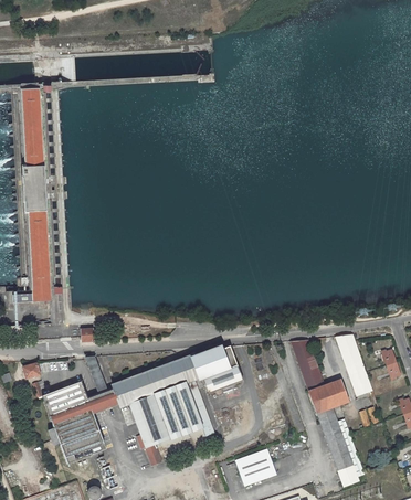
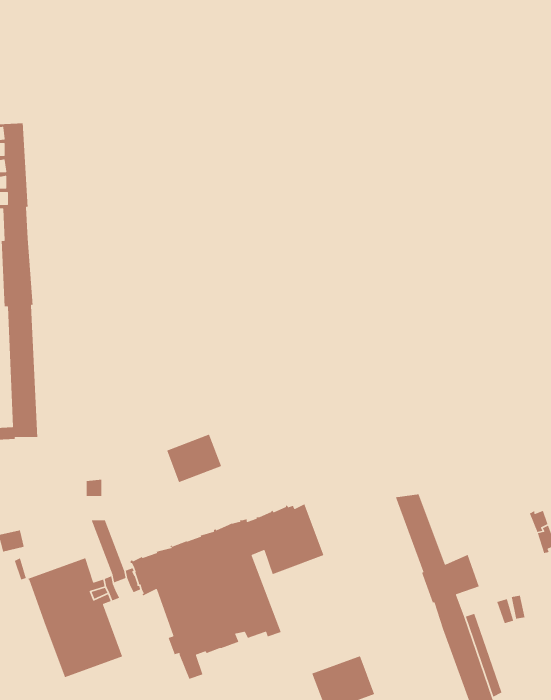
building: none -> [166,433,222,483]
building: [336,334,372,396] -> none

